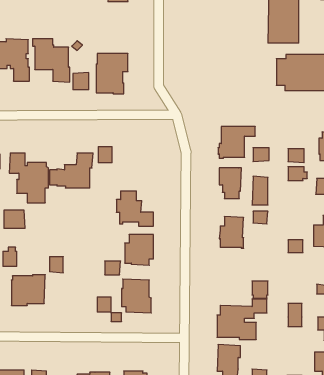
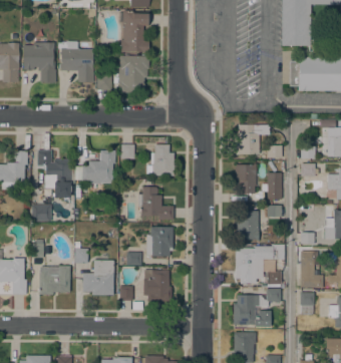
building: none -> [119,10,149,51]
building: none -> [147,143,176,175]
building: none -> [236,245,285,283]
building: none -> [301,251,324,287]
building: none -> [83,260,114,295]

